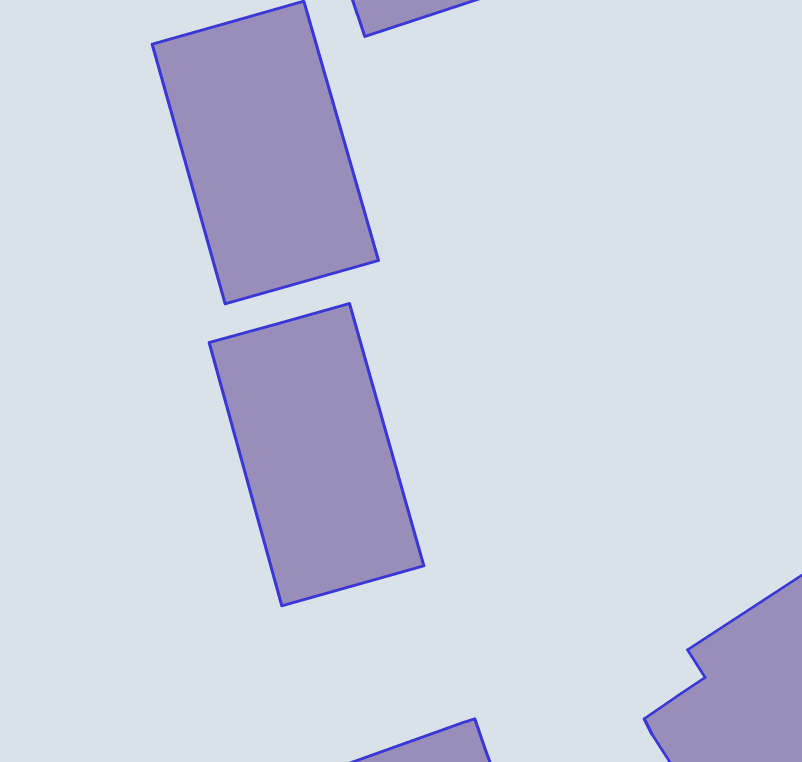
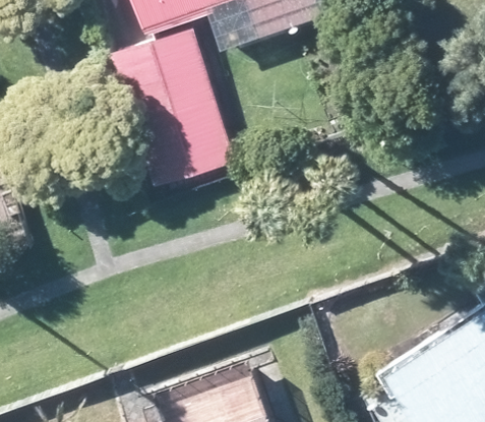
building: [209,304,424,606] -> none

